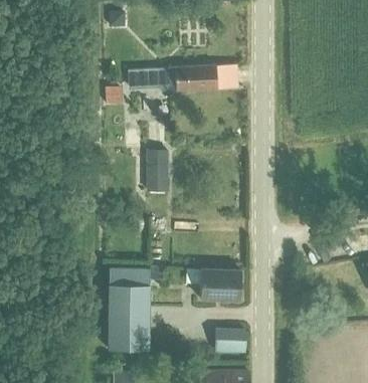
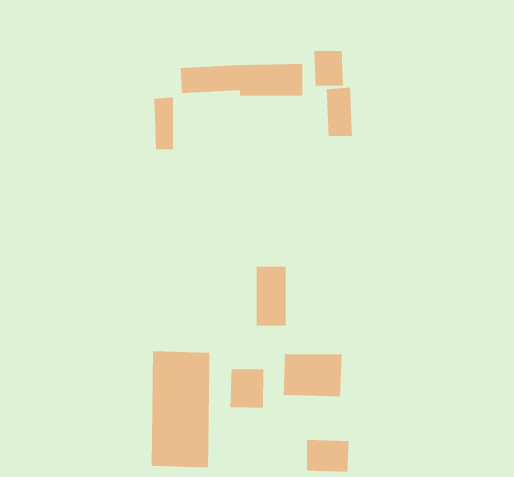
building: none -> [326,87,353,137]
building: [148,151,169,193] -> [256,266,286,327]
building: none -> [229,368,264,408]

